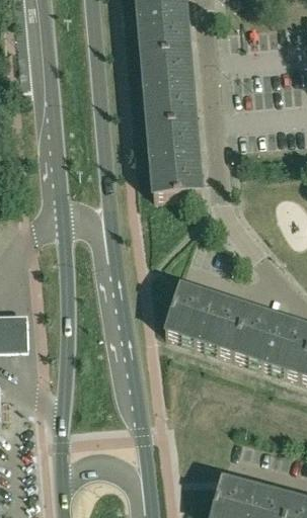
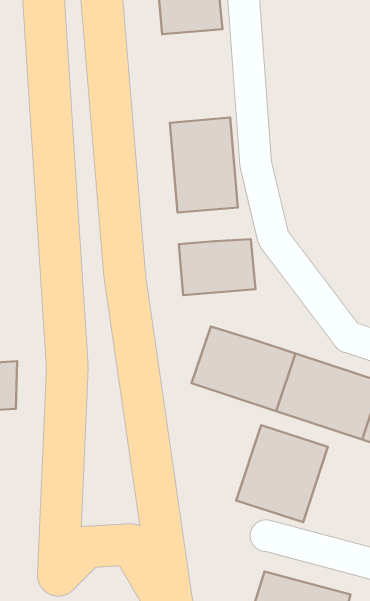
building: [142,50,196,123] -> none
building: none -> [179,239,255,295]
building: none -> [236,425,328,522]

